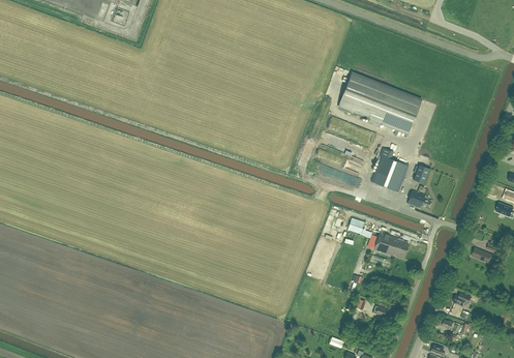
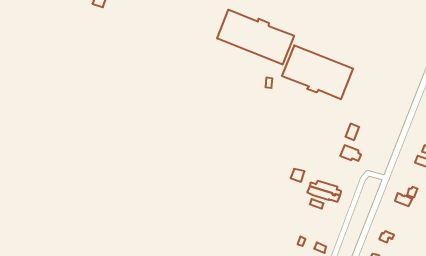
building: none -> [217,10,294,65]
building: [373,147,409,191] -> none

